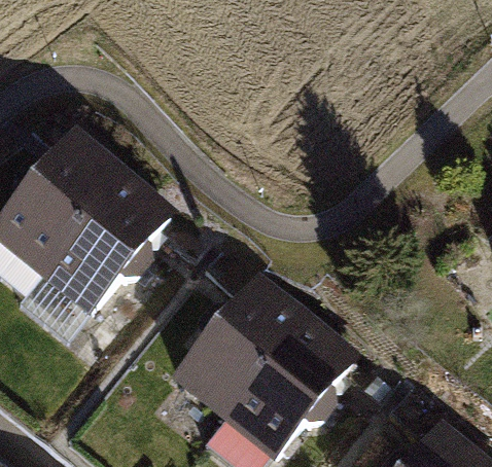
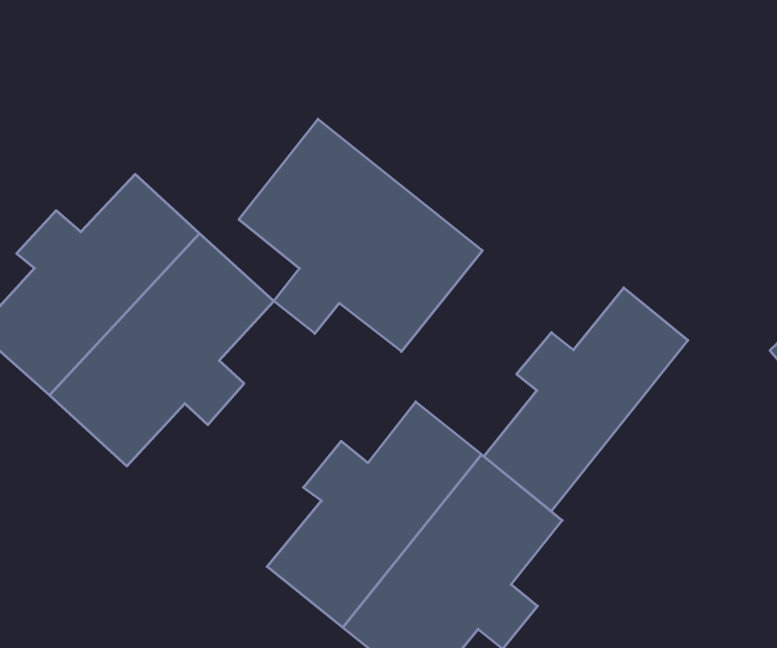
building: none -> [239,119,482,352]
building: none -> [484,288,688,511]

